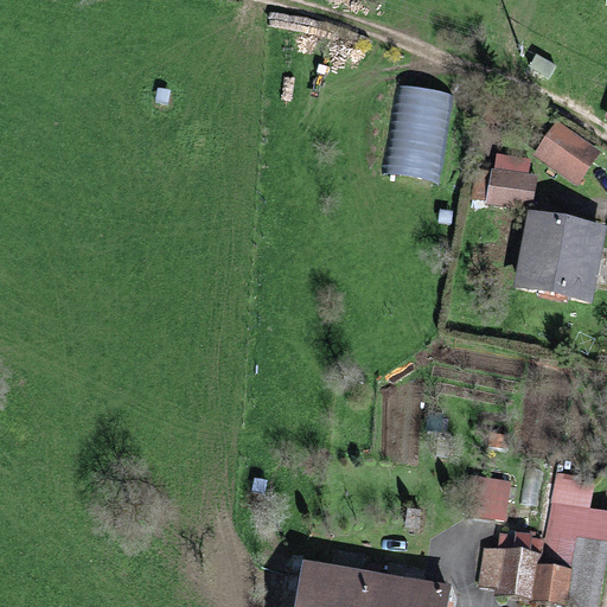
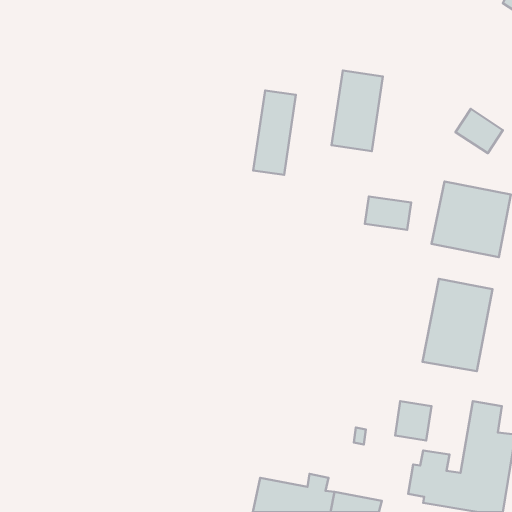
building: none -> [253,90,296,175]
building: [484,167,538,206] -> [365,197,411,230]
building: none -> [423,279,493,371]

